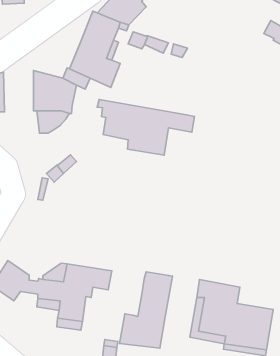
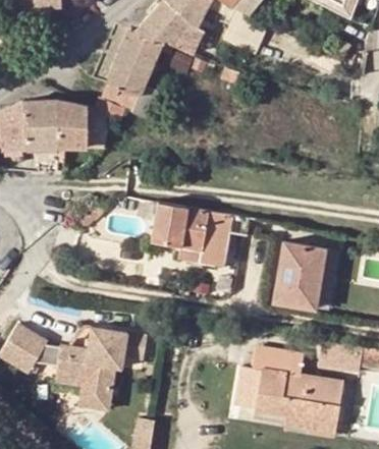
building: none -> [23,99,59,148]
building: [97,99,194,155] -> [144,199,259,265]
building: none -> [271,241,326,307]
building: [119,272,172,348] -> none

